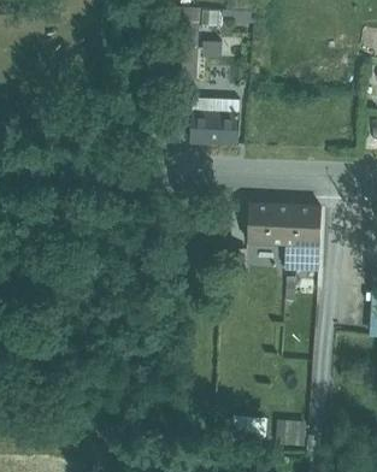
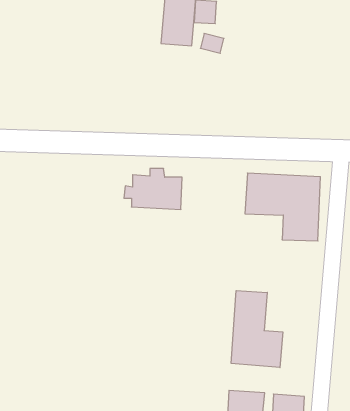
building: [182,104,238,143] -> [124,169,182,209]
building: none -> [231,291,283,368]

